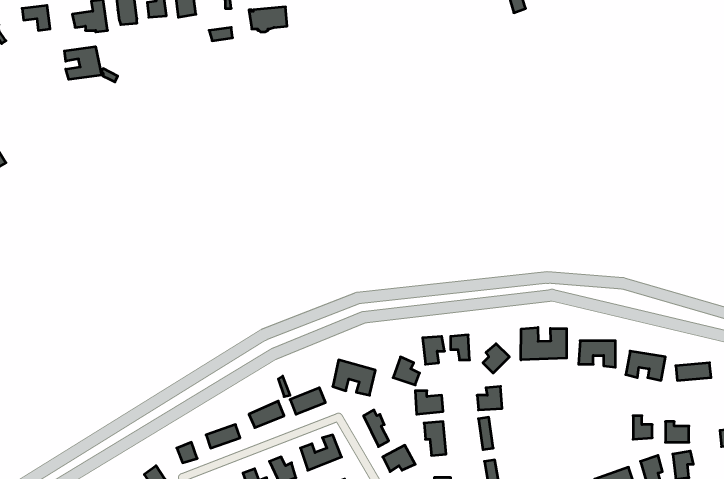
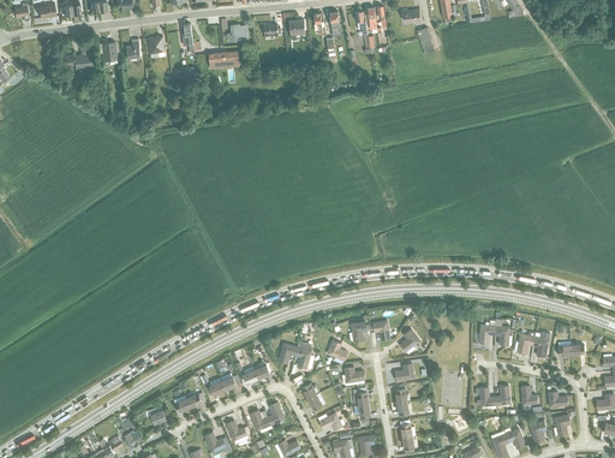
building: [64,47,101,79] -> none
building: [521,327,567,360] -> none
building: none -> [477,382,509,405]

